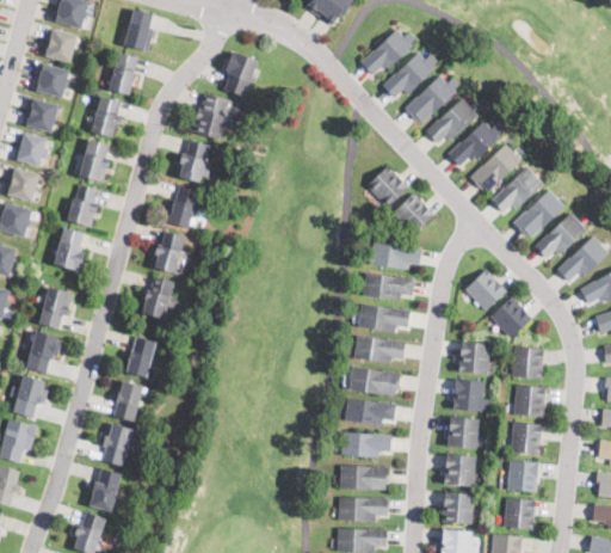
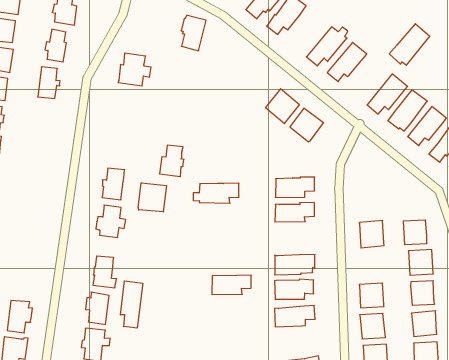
building: [224,51,259,97] -> [181,15,206,51]
building: [405,74,461,123] -> none
building: [80,139,111,182] -> none
building: [177,140,211,182] -> none
building: [470,143,523,192] -> [389,24,430,65]
building: [68,184,99,227] -> none
building: [166,186,199,227] -> [159,145,184,177]
building: [55,227,86,270] -> none
building: [364,241,422,270] -> [193,183,239,203]
building: none -> [138,183,166,212]
building: [467,269,507,311] -> none
building: [39,288,73,328] -> none
building: [492,296,532,338] -> none
building: [27,332,63,374] -> none
building: [354,336,406,363] -> [212,275,251,295]
building: none -> [120,281,143,328]
building: [452,380,490,411] -> none
building: [340,465,390,490] -> none

